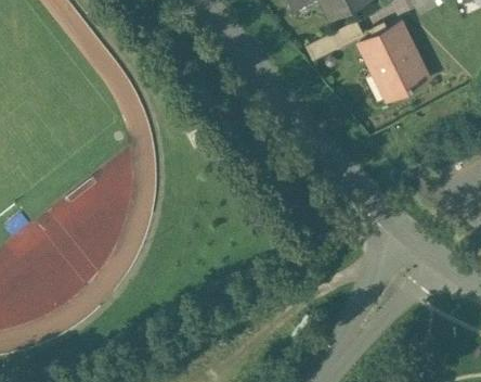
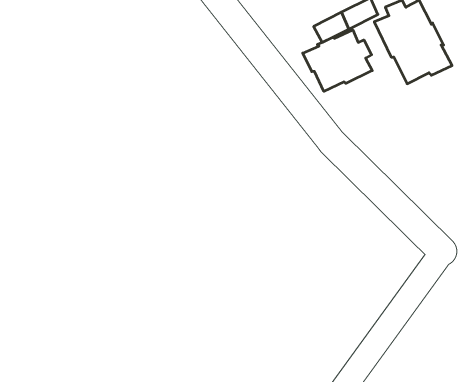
building: none -> [303,30,372,91]

